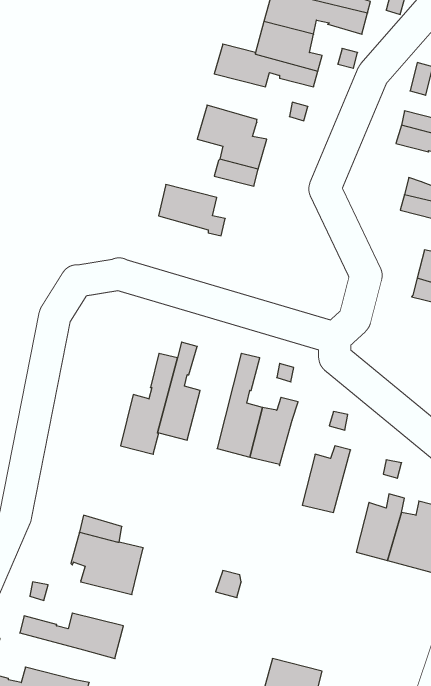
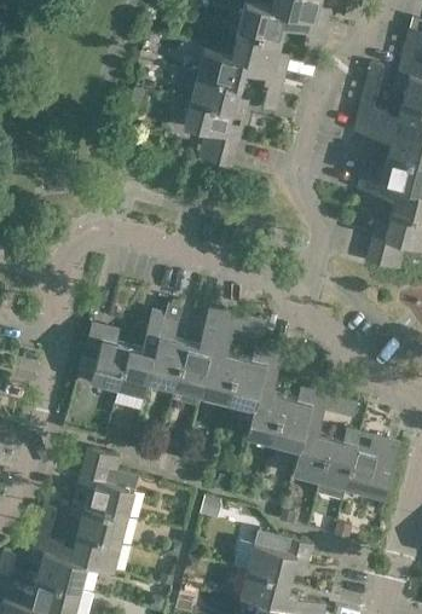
building: [159,185,225,236] -> [191,74,248,117]
building: none -> [174,308,220,393]
building: none -> [81,325,128,390]
building: none -> [245,353,283,441]
building: none -> [291,394,329,481]
building: none -> [69,503,127,544]
building: none -> [247,531,311,583]
building: none -> [28,550,86,590]

